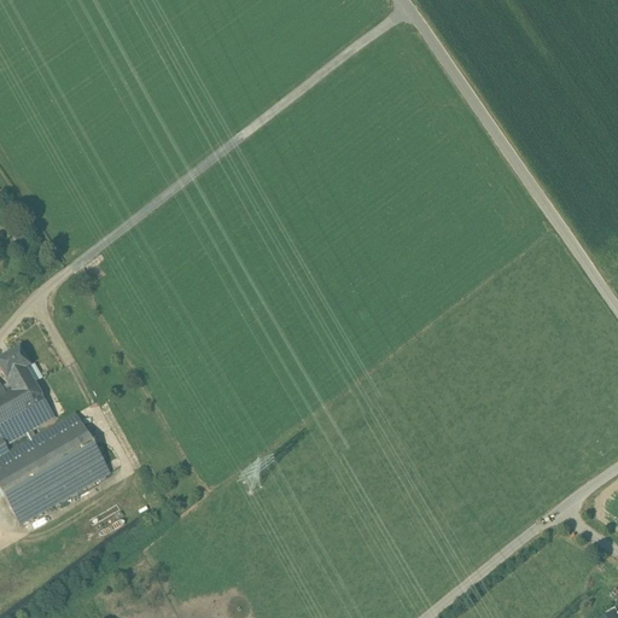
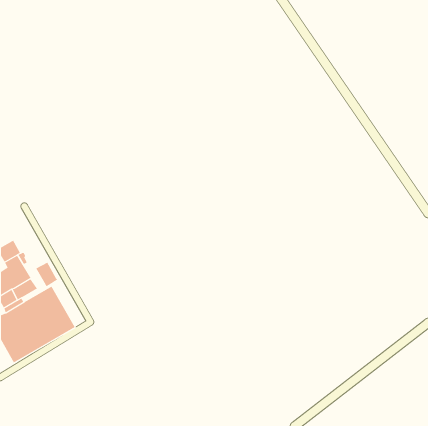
building: none -> [35,262,58,287]

